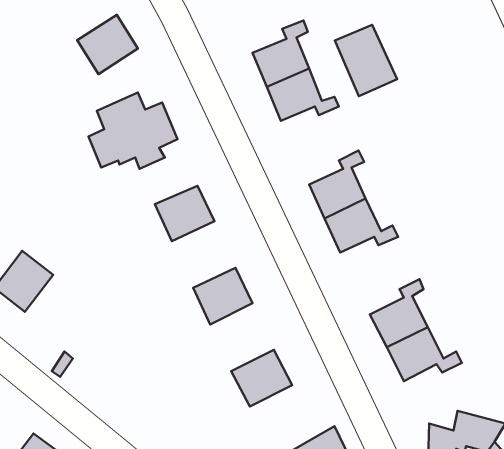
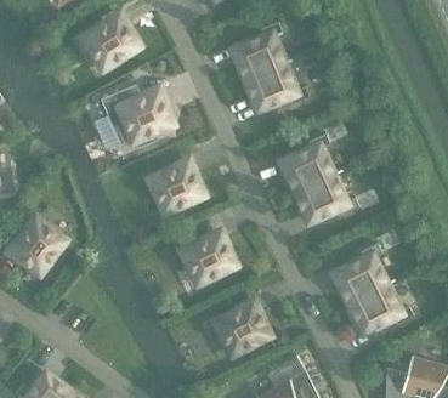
building: [335,25,397,96] -> none

